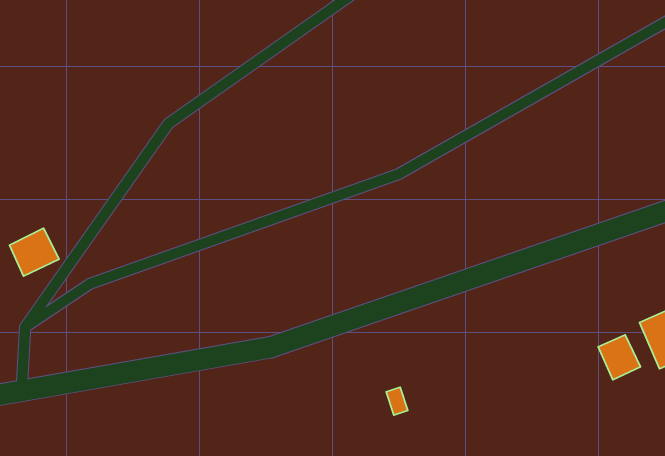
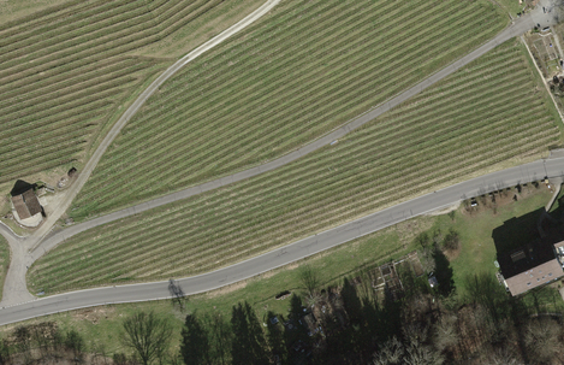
building: [598,335,640,380] -> none

